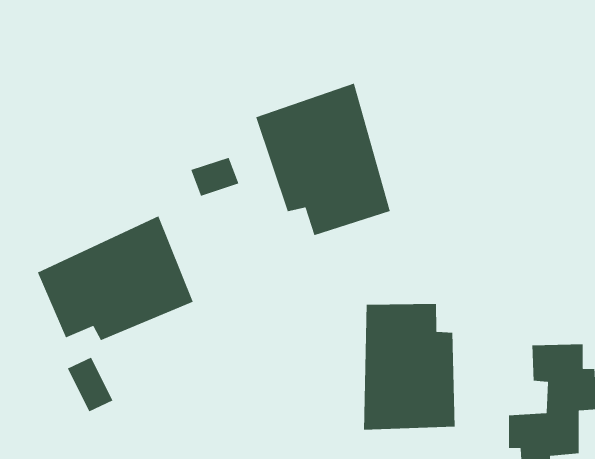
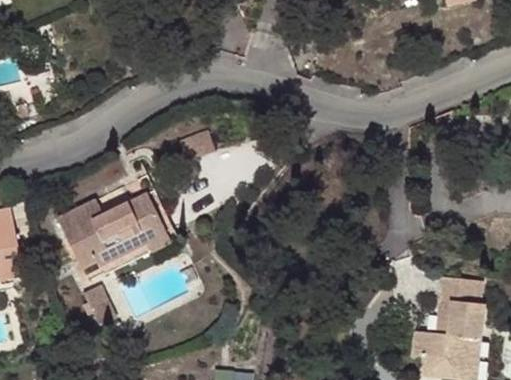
building: [255,83,391,236] -> none
building: [363,303,456,430] -> none

